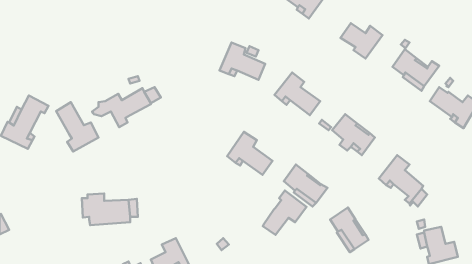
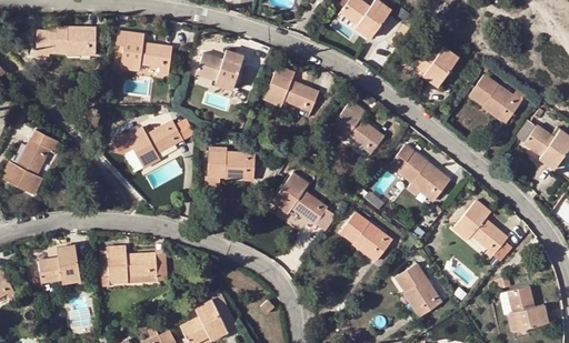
building: none -> [50,27,96,56]
building: none -> [117,31,172,74]
building: none -> [197,50,243,89]
building: [56,102,99,152] -> none
building: none -> [208,151,254,181]
building: [263,191,306,235] -> none
building: none -> [38,245,80,283]

